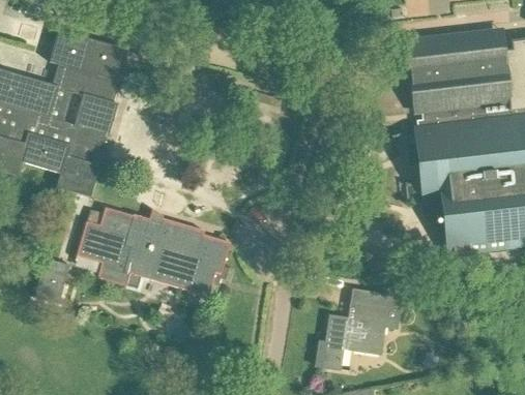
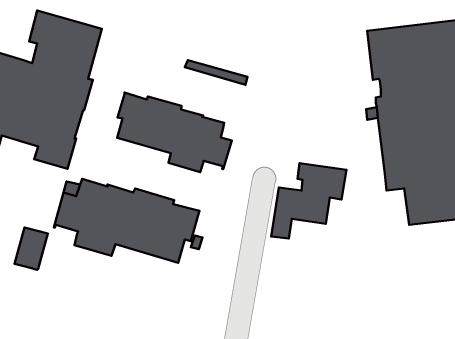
building: none -> [117,93,232,172]
building: [321,288,401,368] -> [271,163,347,239]

